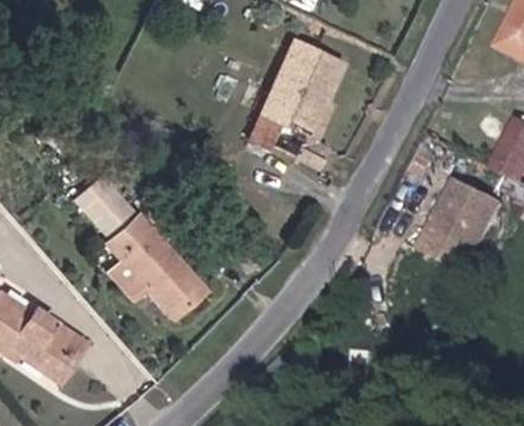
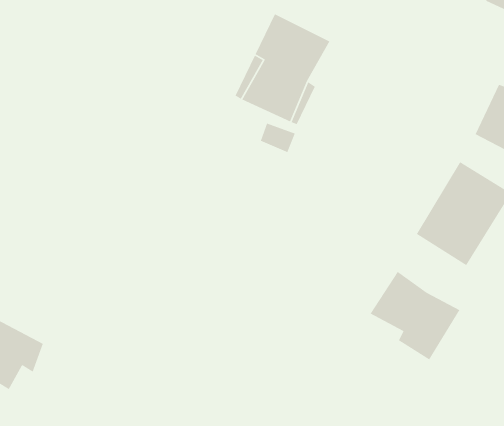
building: [66,174,201,316] -> none
building: none -> [369,271,461,360]

